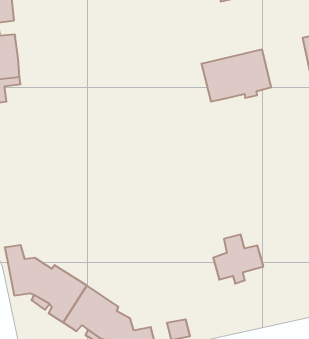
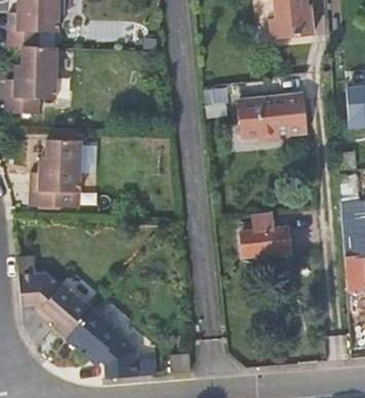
building: none -> [32,140,83,207]
building: [213,235,263,284] -> [240,216,289,264]

